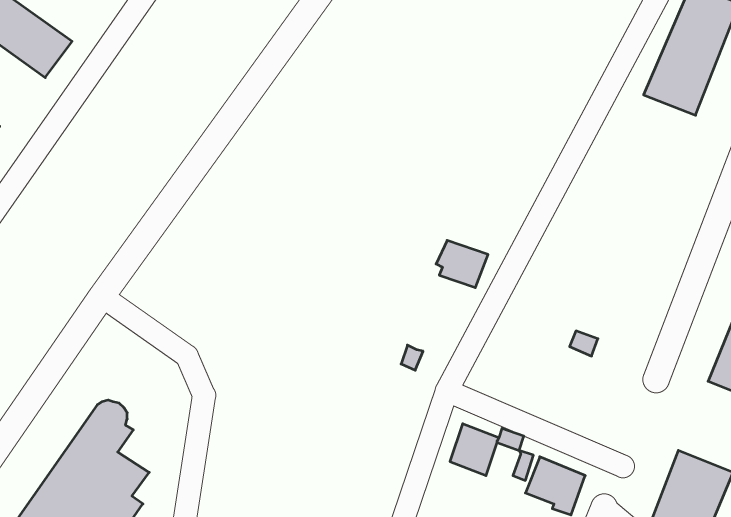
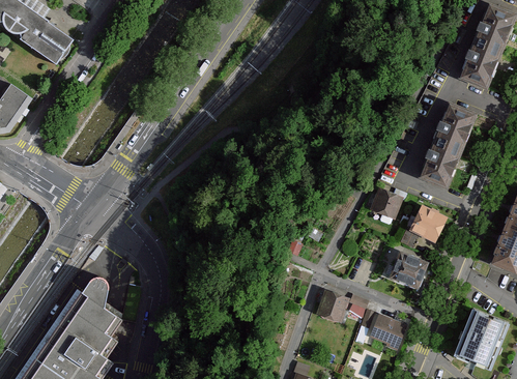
building: none -> [417,103,479,188]
building: [436,240,488,288] -> [365,186,399,217]
building: none -> [404,203,442,239]
building: none -> [382,249,423,287]

